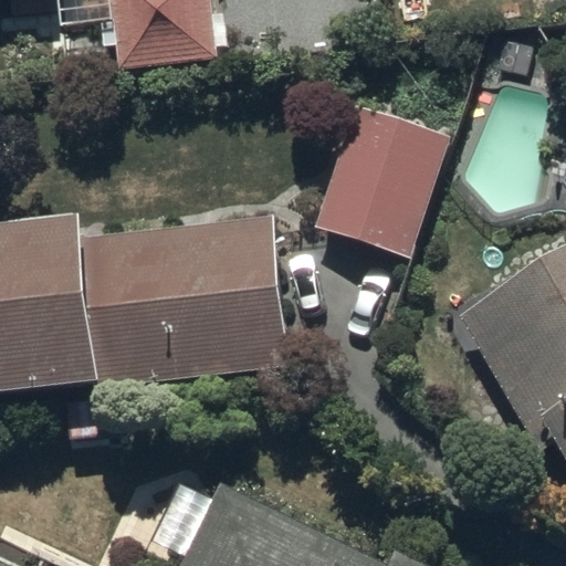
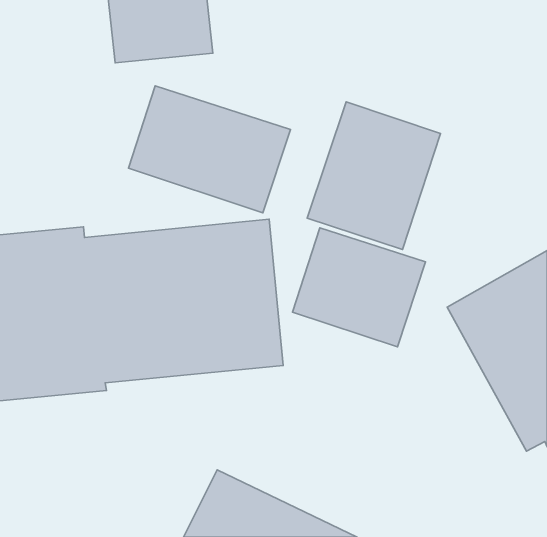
building: none -> [128,86,290,213]
building: none -> [292,228,425,347]

